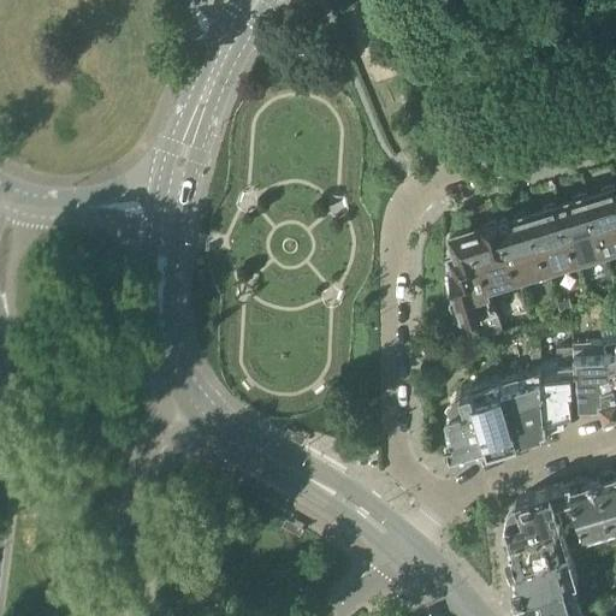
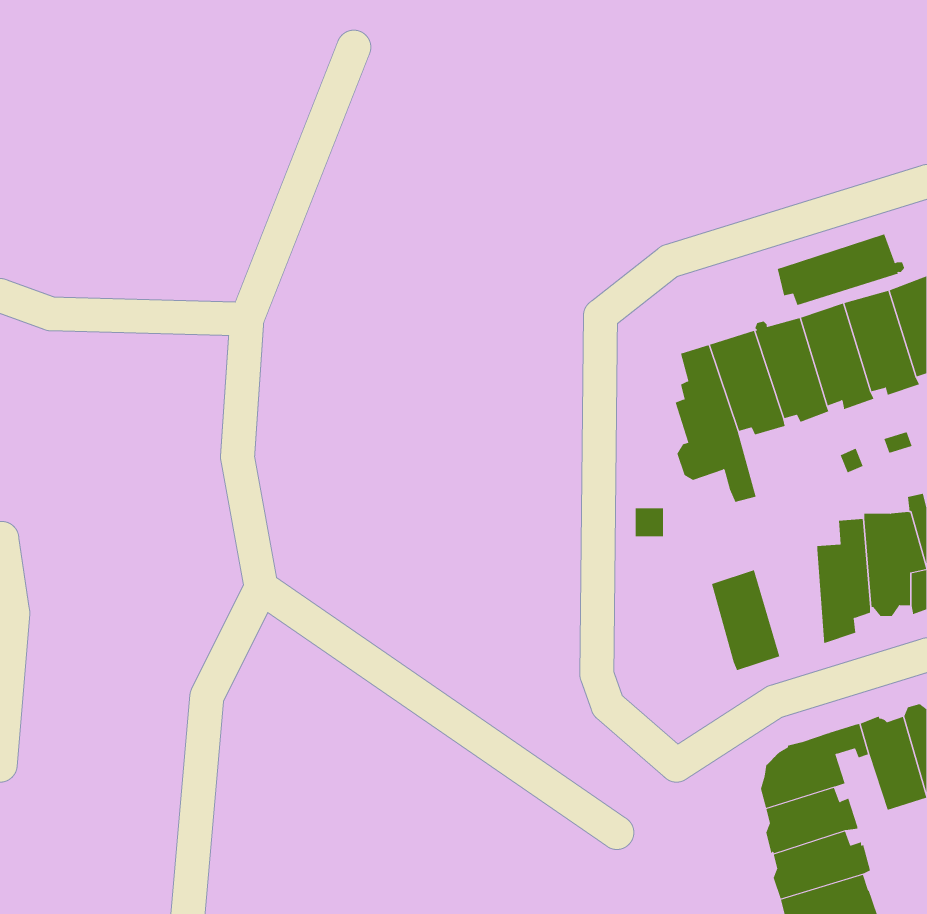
building: none -> [777,233,905,306]
building: [500,373,546,444] -> none
building: [449,396,486,457] -> none

